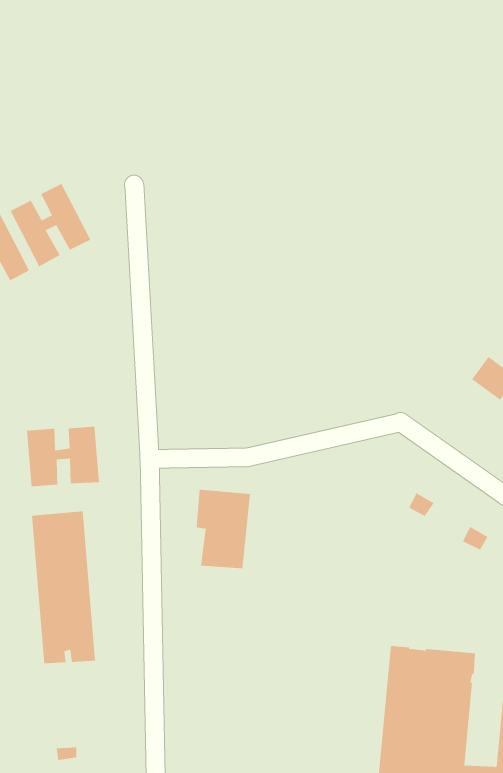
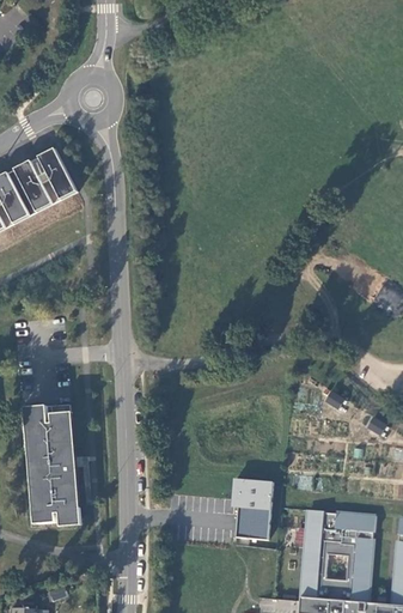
building: [26,426,100,487] -> none
building: [196,489,251,569] -> [228,477,271,539]

